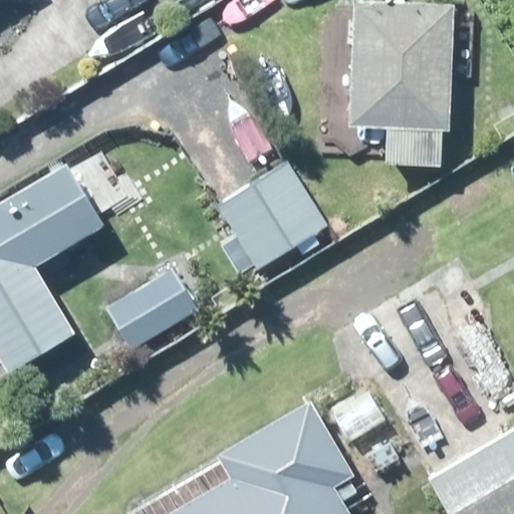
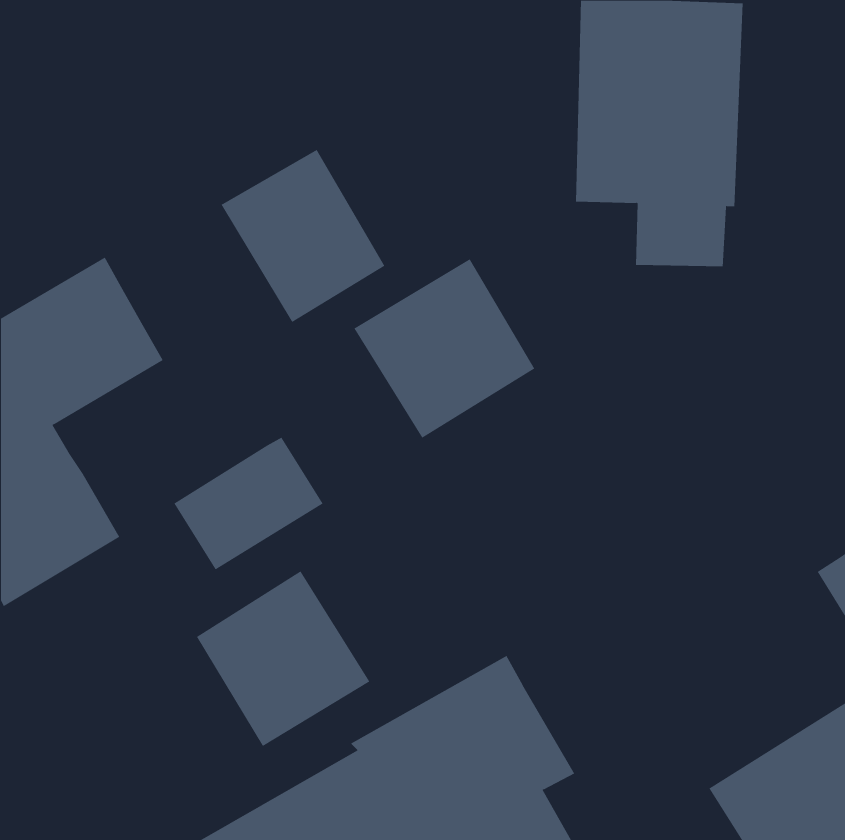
building: none -> [221,149,385,323]
building: none -> [196,570,370,747]

